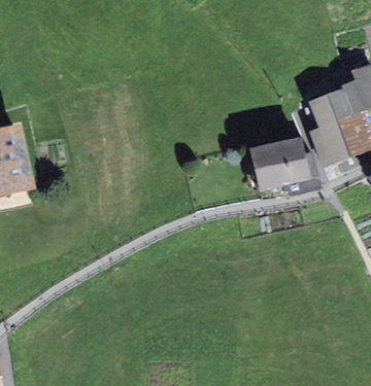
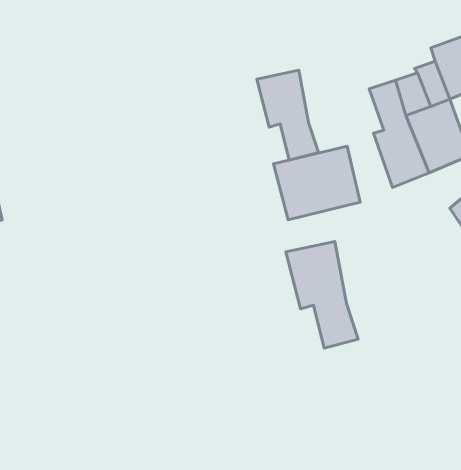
building: none -> [257,70,318,160]
building: none -> [286,242,358,348]

